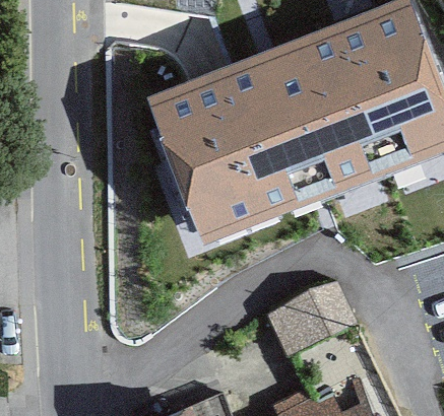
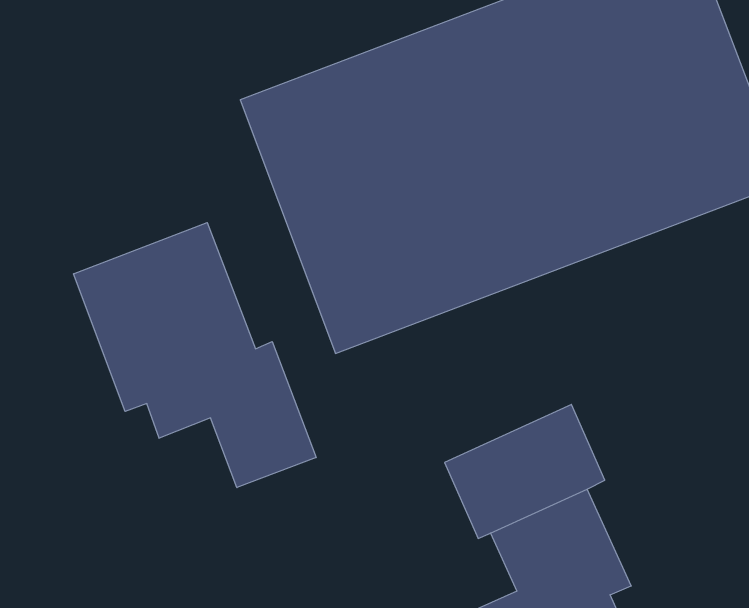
building: none -> [74,223,316,488]

